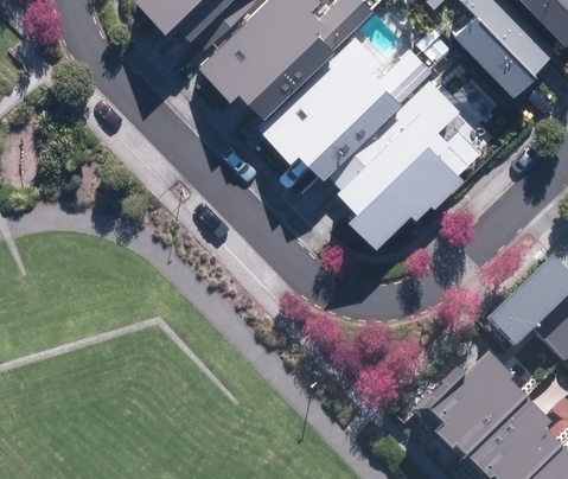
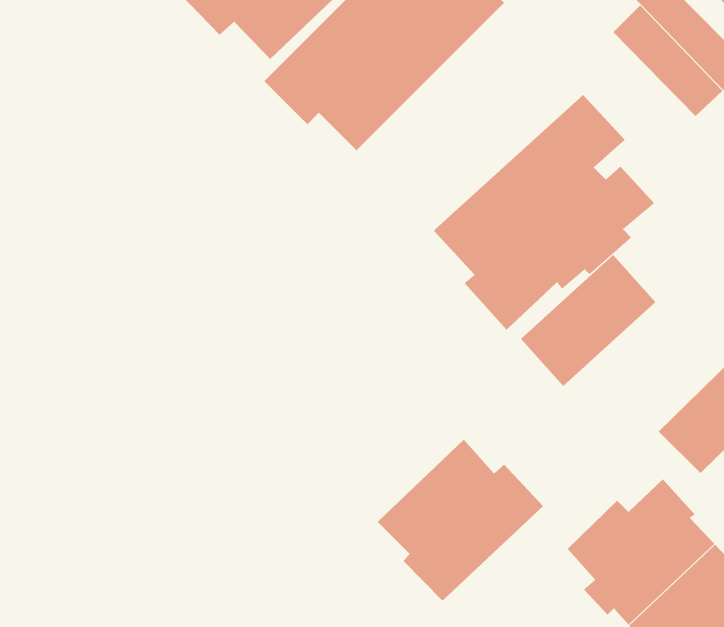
building: [261,33,436,175] -> none
building: none -> [520,254,656,387]
building: none -> [377,439,544,601]

